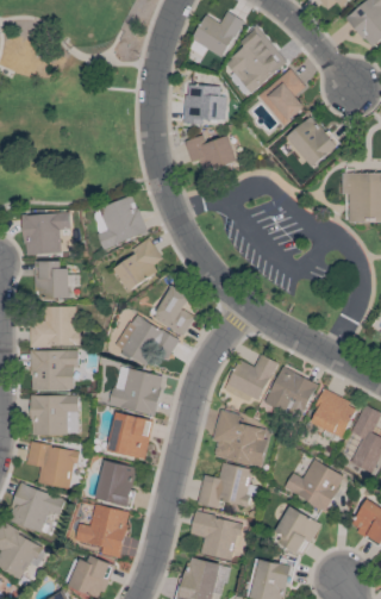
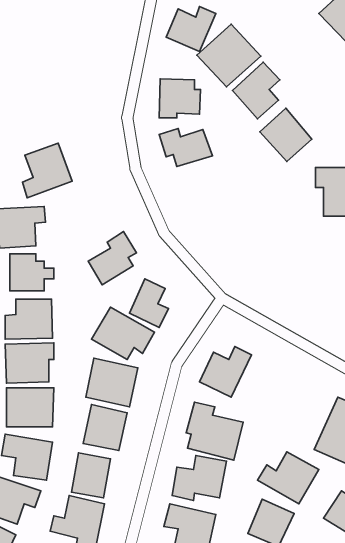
building: [98,195,148,250] -> [23,143,72,198]
building: [266,367,317,418] -> none
building: [310,391,357,438] -> none

